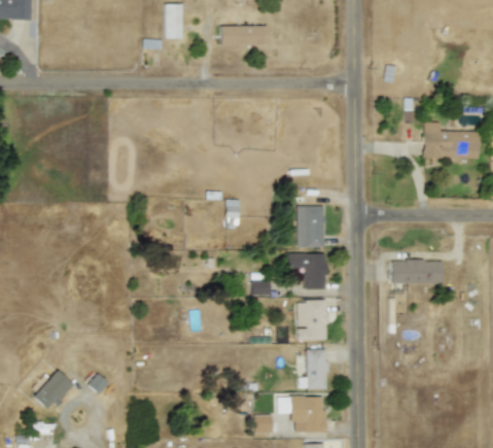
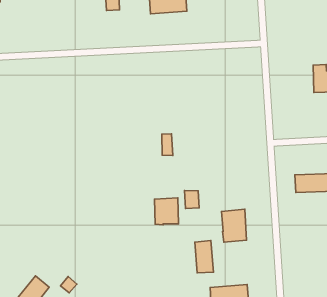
building: [296,206,324,248] -> none
building: [288,253,326,289] -> none
building: none -> [154,198,179,225]
building: [306,349,327,389] -> [195,241,213,273]

